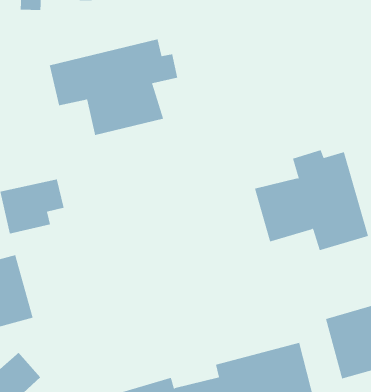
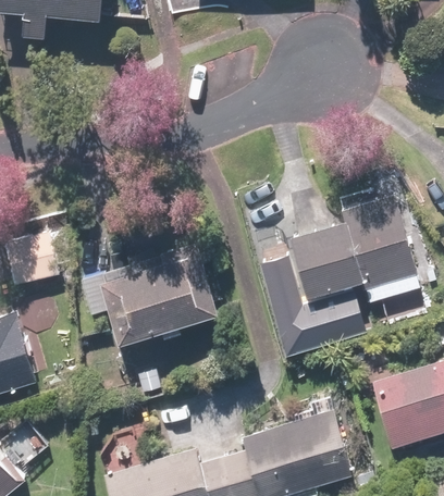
building: [49,39,178,136] -> none
building: none -> [79,240,221,344]
building: none -> [257,251,363,351]

